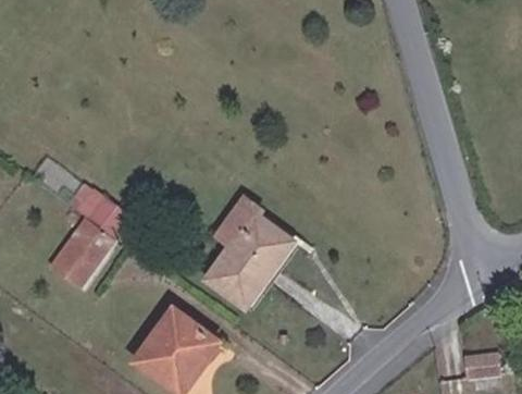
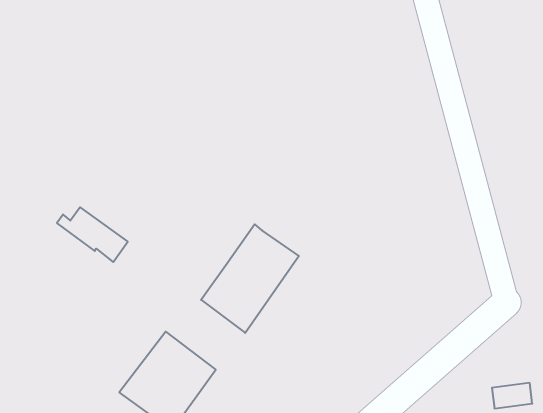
building: [213,193,266,248] -> none
building: [49,217,115,288] -> none

